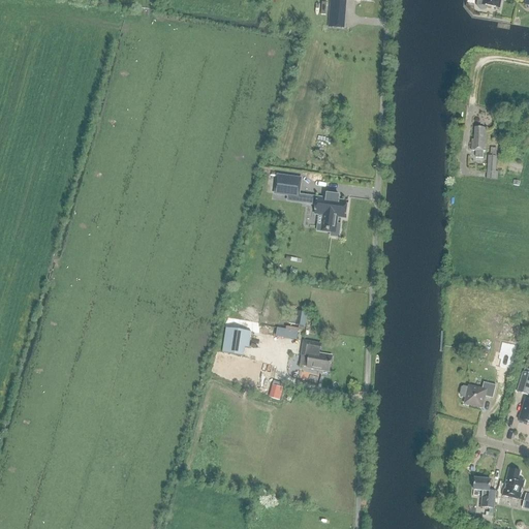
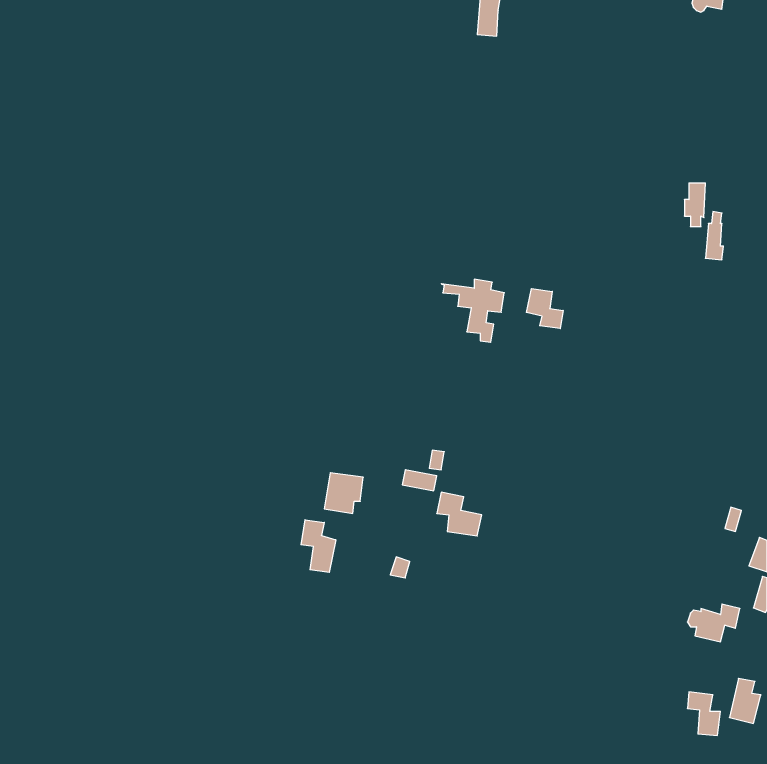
building: [275,174,301,195] -> none
building: none -> [526,289,563,329]
building: none -> [301,520,336,572]
building: [459,380,495,406] -> [687,604,740,642]

